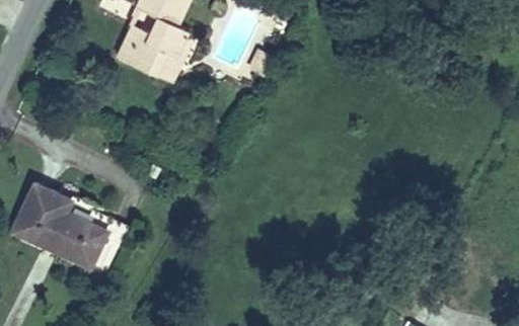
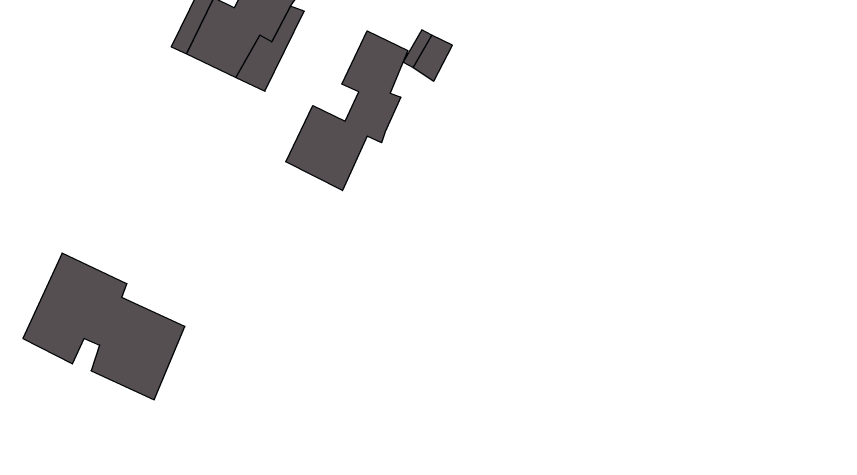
building: none -> [286,31,408,191]

